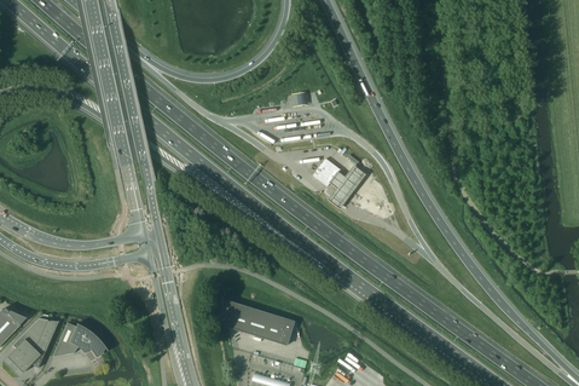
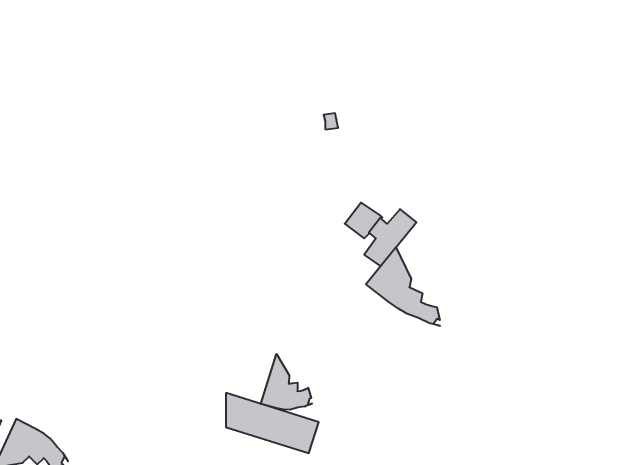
building: none -> [366,247,440,326]
building: none -> [261,354,312,410]

